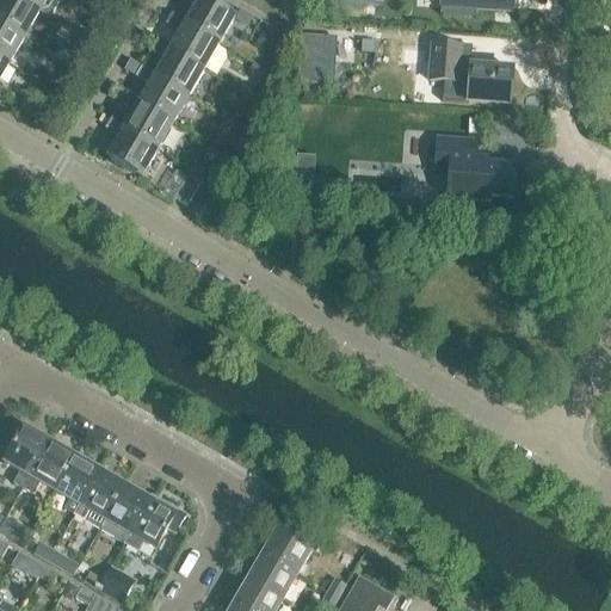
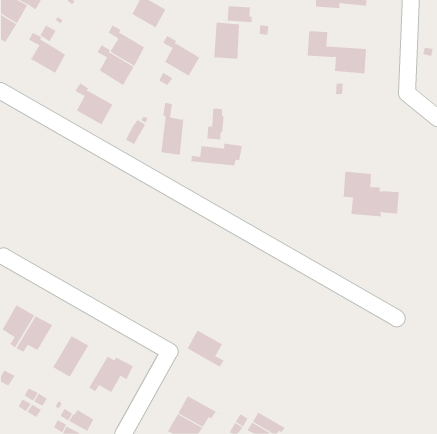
building: none -> [227,5,256,23]
building: [166,8,218,66] -> [163,35,200,76]
building: [121,88,173,146] -> [28,32,66,73]
building: [437,135,516,198] -> [343,171,399,217]
building: none -> [161,102,184,155]
building: none -> [191,143,242,166]
building: [54,452,100,511] -> none
building: [99,481,150,539] -> none
building: [263,524,315,576] -> [187,330,225,367]

